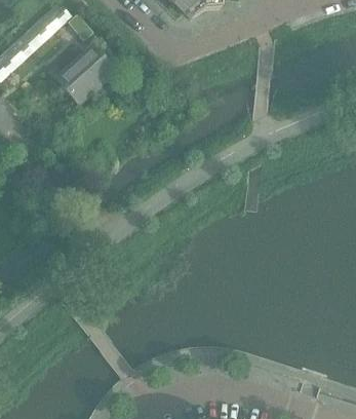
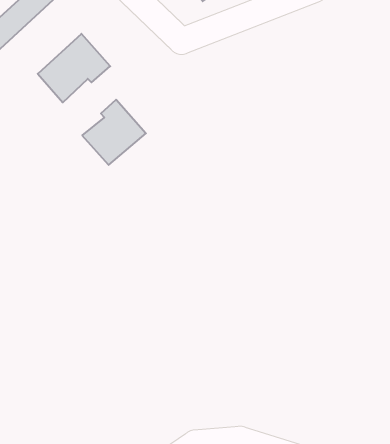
building: none -> [82,100,146,165]

